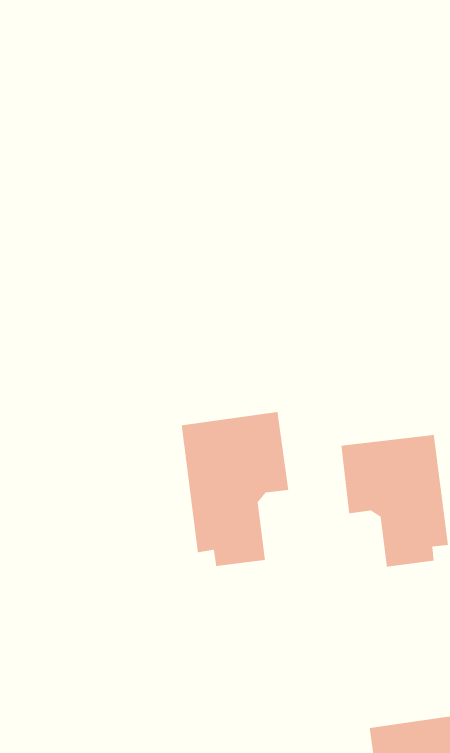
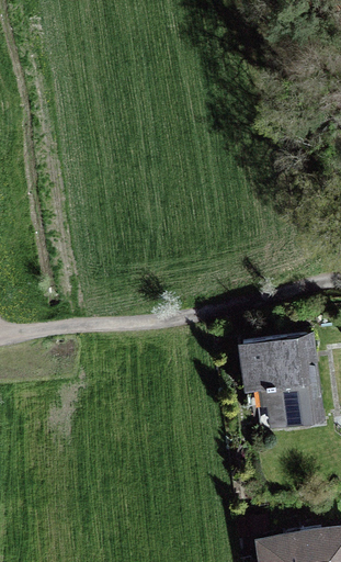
building: [181,411,289,567] -> none

